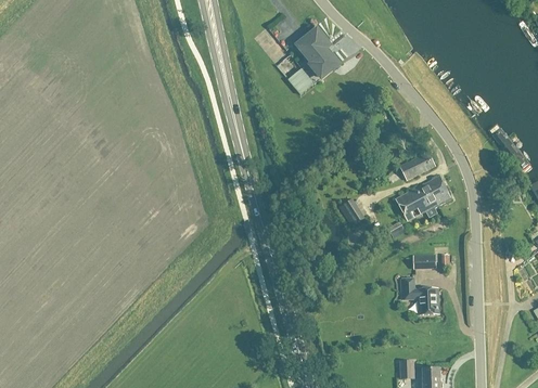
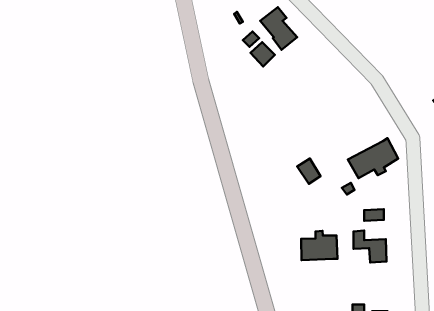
building: [399,151,435,179] -> none
building: none -> [301,231,338,260]

